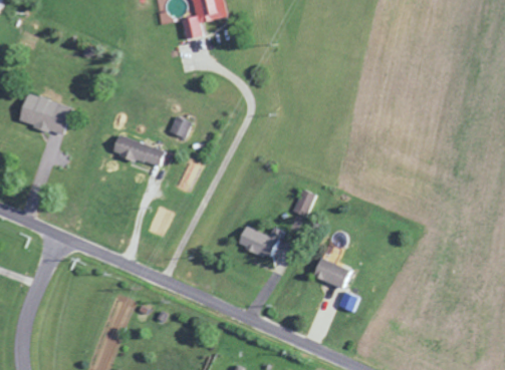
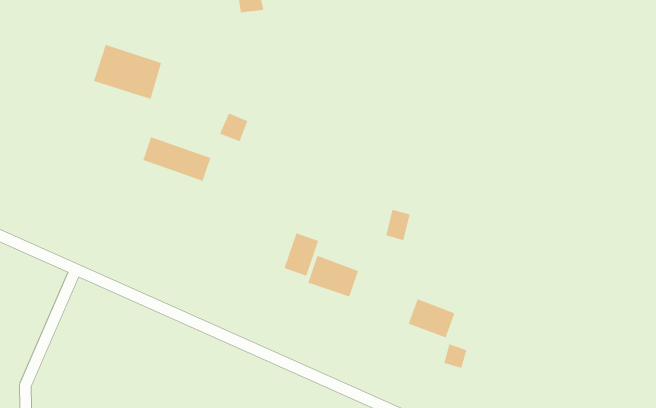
building: [18,93,70,135] -> [93,44,162,100]
building: none -> [284,232,319,277]

